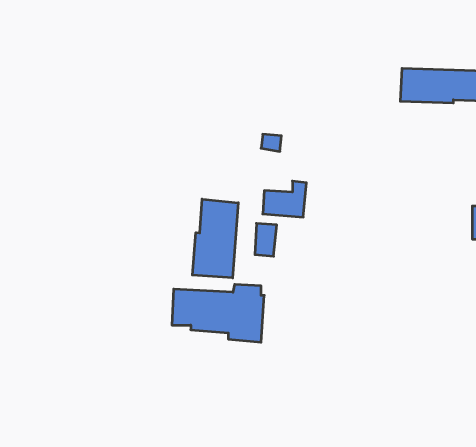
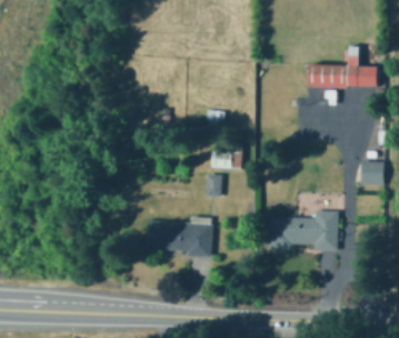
building: [192,199,238,278] -> none
building: none -> [268,212,339,251]

